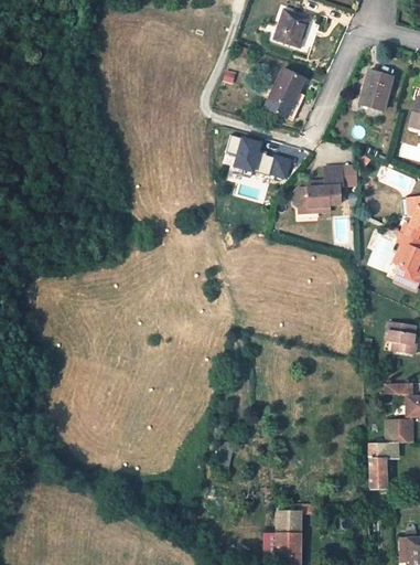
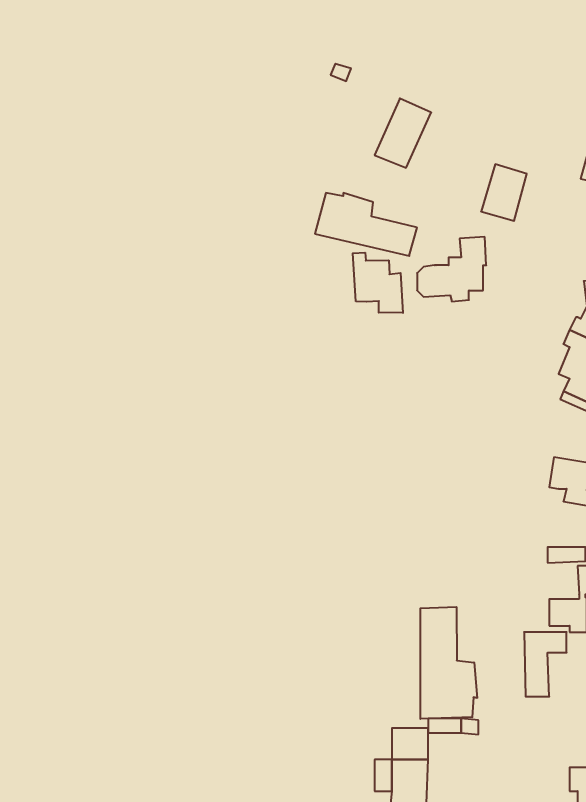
building: [273,10,310,49] -> none
building: [359,71,391,110] -> [481,164,527,221]
building: none -> [353,253,403,313]
building: none -> [420,607,477,719]

